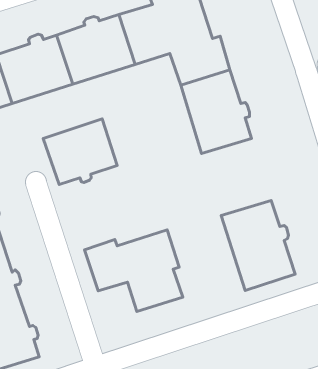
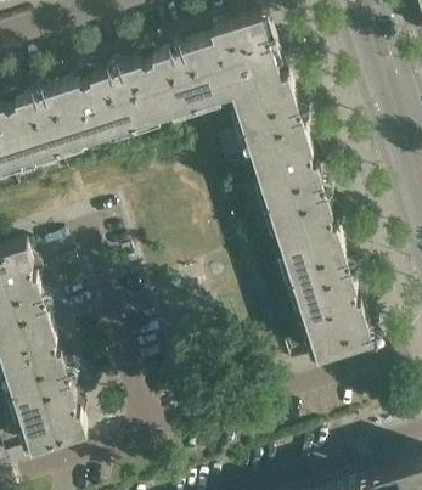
building: [43,119,117,184] -> none
building: none -> [266,192,344,278]
building: [85,230,183,311] -> none

